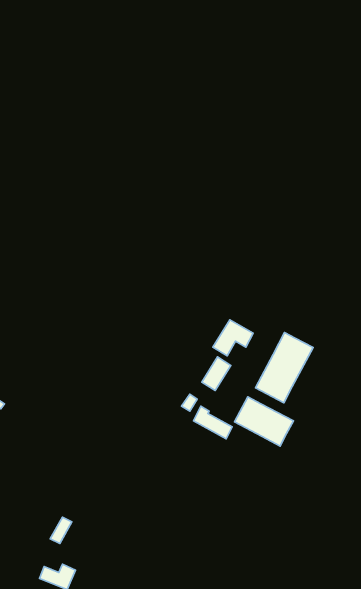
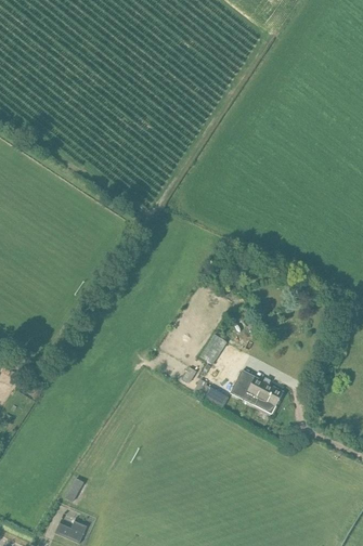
building: [213,320,253,356] -> none
building: [255,332,313,403] -> none

